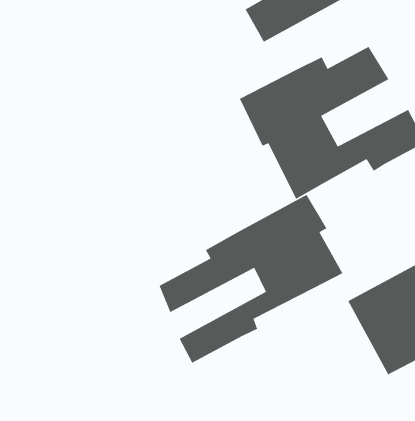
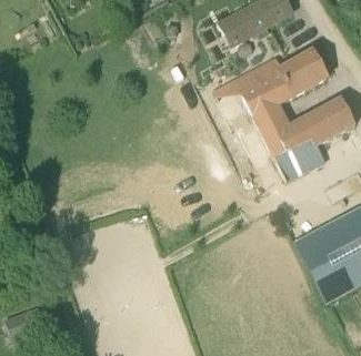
building: none -> [275,135,324,180]
building: [159,194,344,364] -> none

